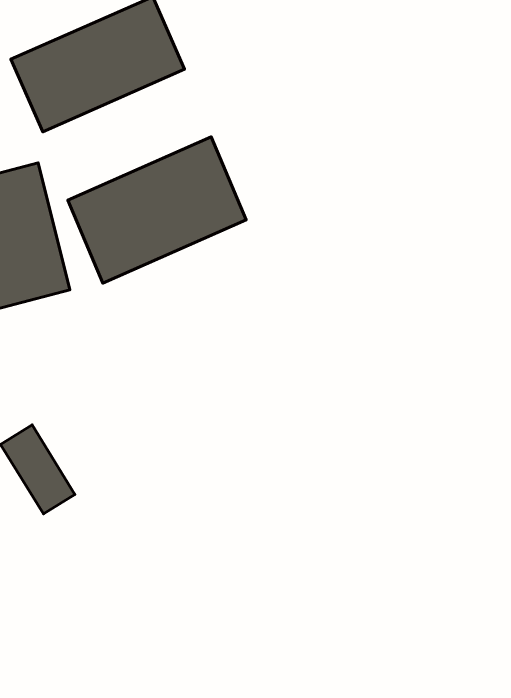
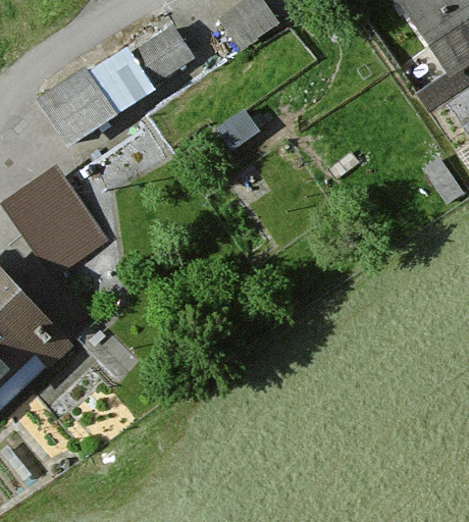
building: [68,137,246,283] -> none

